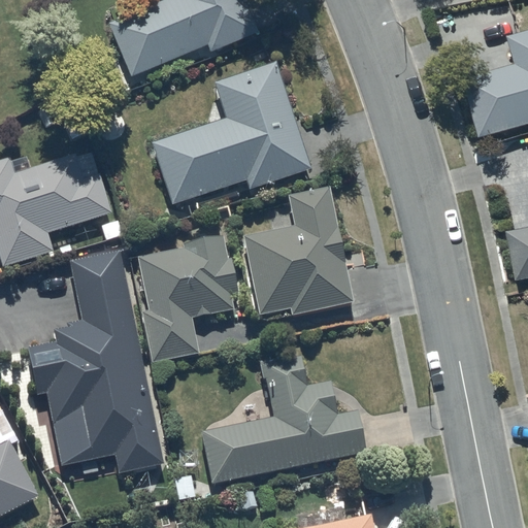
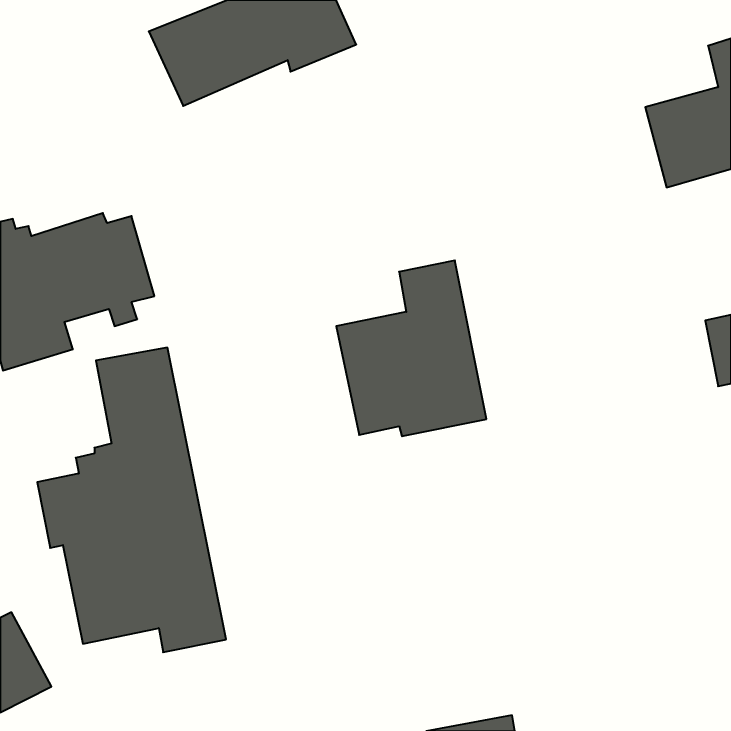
building: [153,63,309,204] -> none
building: [137,235,238,363] -> none
building: [201,354,366,484] -> none

